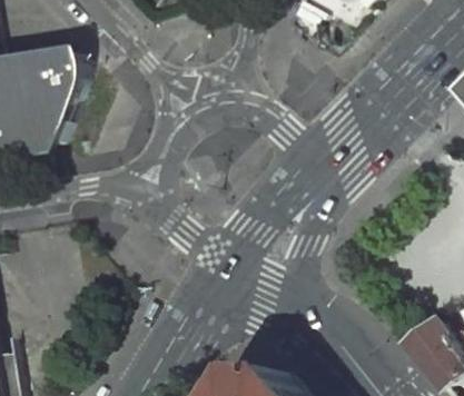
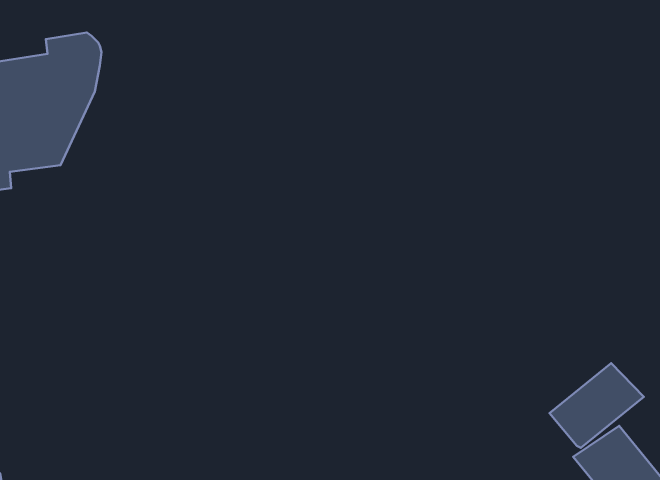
building: none -> [550,363,644,448]

